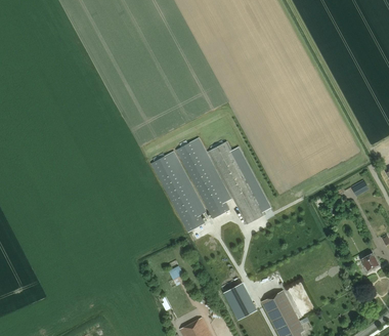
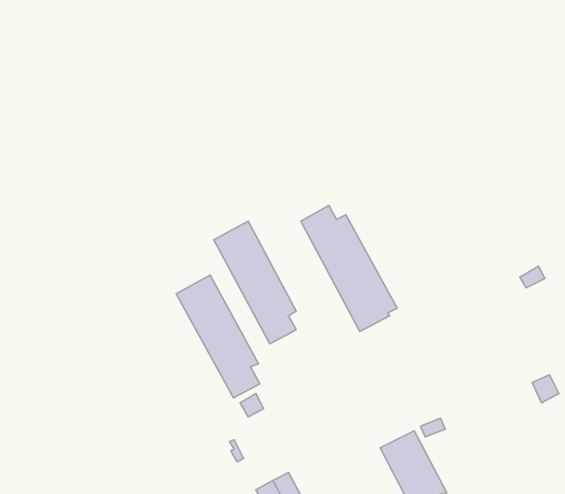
building: [176,138,231,219] -> [176,275,260,398]
building: [224,286,255,322] -> none

